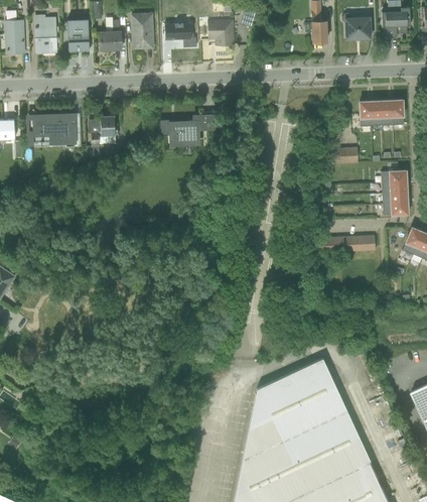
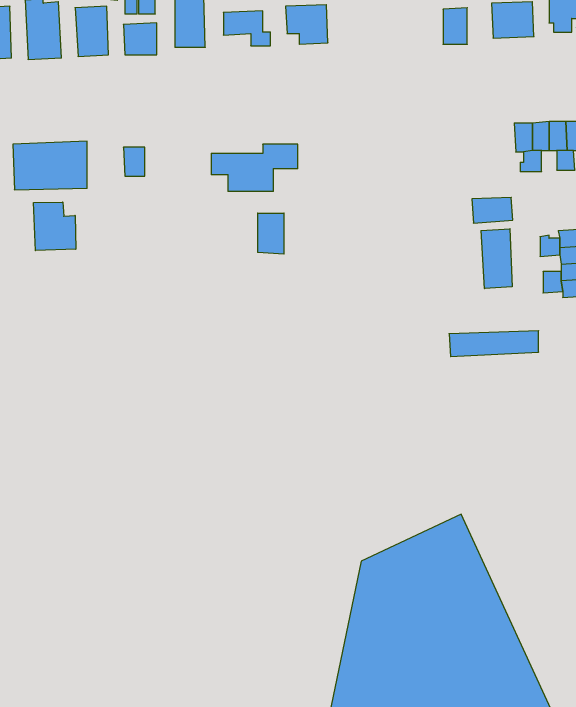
building: none -> [34,202,76,251]
building: none -> [258,213,284,254]
building: none -> [481,229,512,289]

